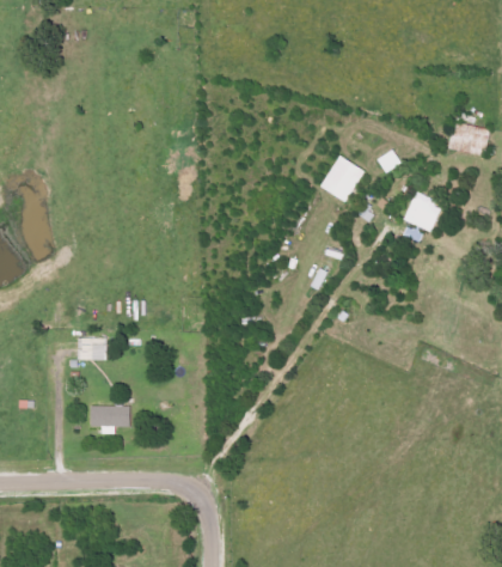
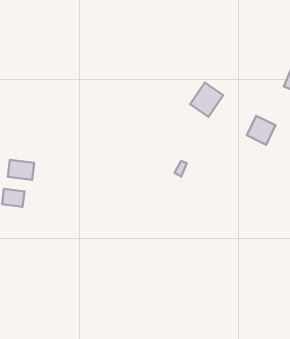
building: none -> [8,160,34,180]
building: [90,406,130,433] -> none

